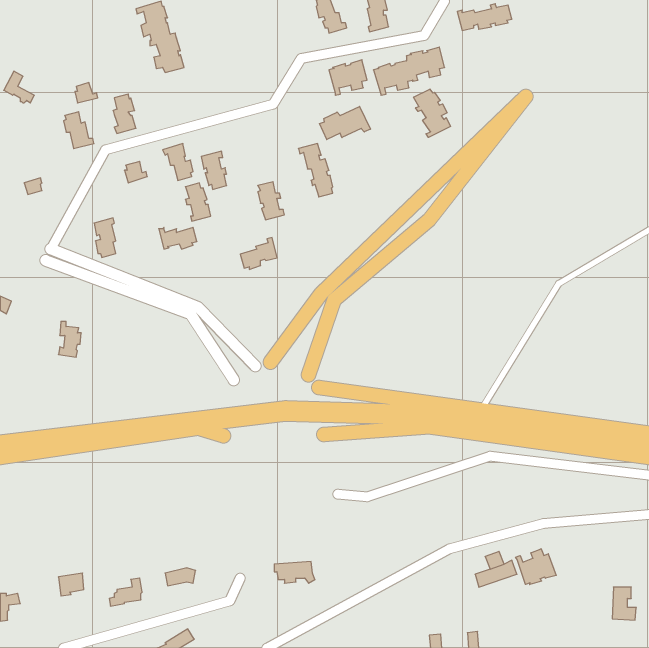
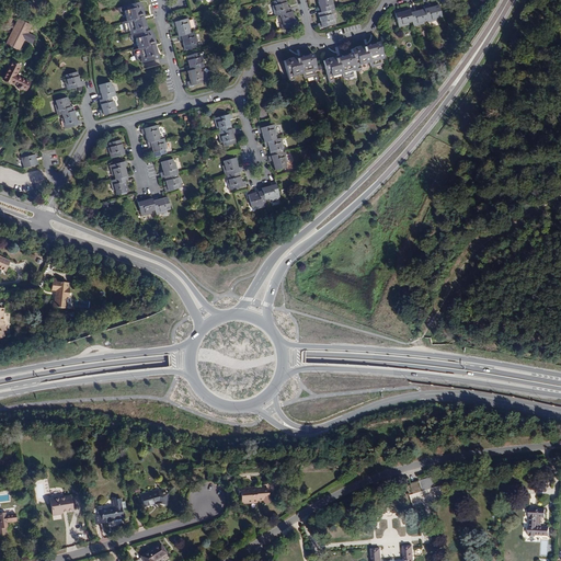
building: none -> [171,18,197,49]
building: none -> [7,19,35,49]
building: none -> [186,51,205,85]
building: [414,89,451,137] -> none
building: [320,106,370,140] -> none
building: [201,151,227,189] -> [214,113,236,146]
building: [94,218,116,257] -> [110,160,128,194]
building: [240,238,277,269] -> [248,180,279,207]
building: [516,549,556,585] -> none

